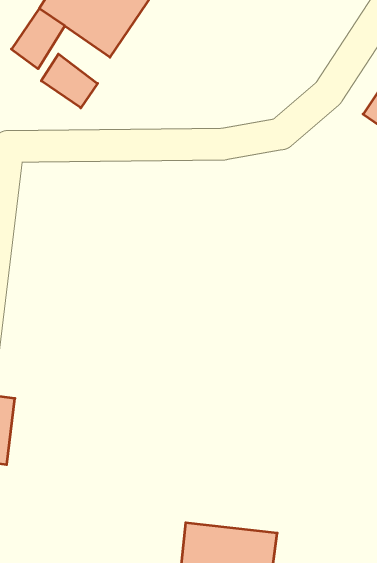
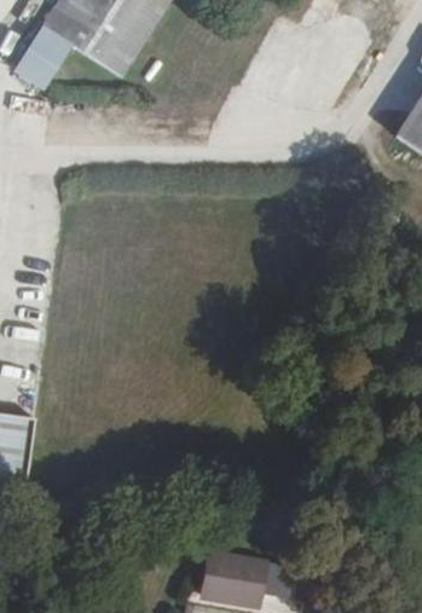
building: [41,54,98,108] -> none

